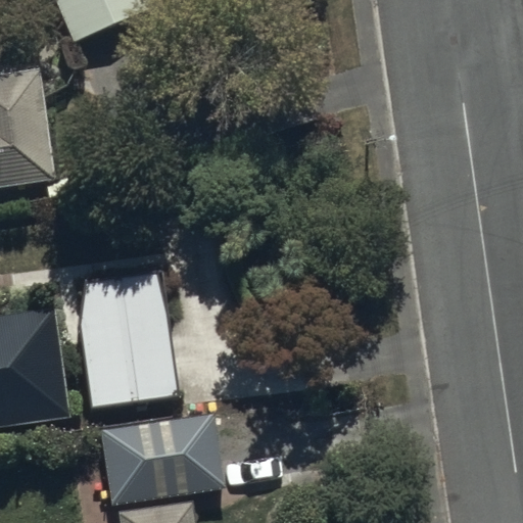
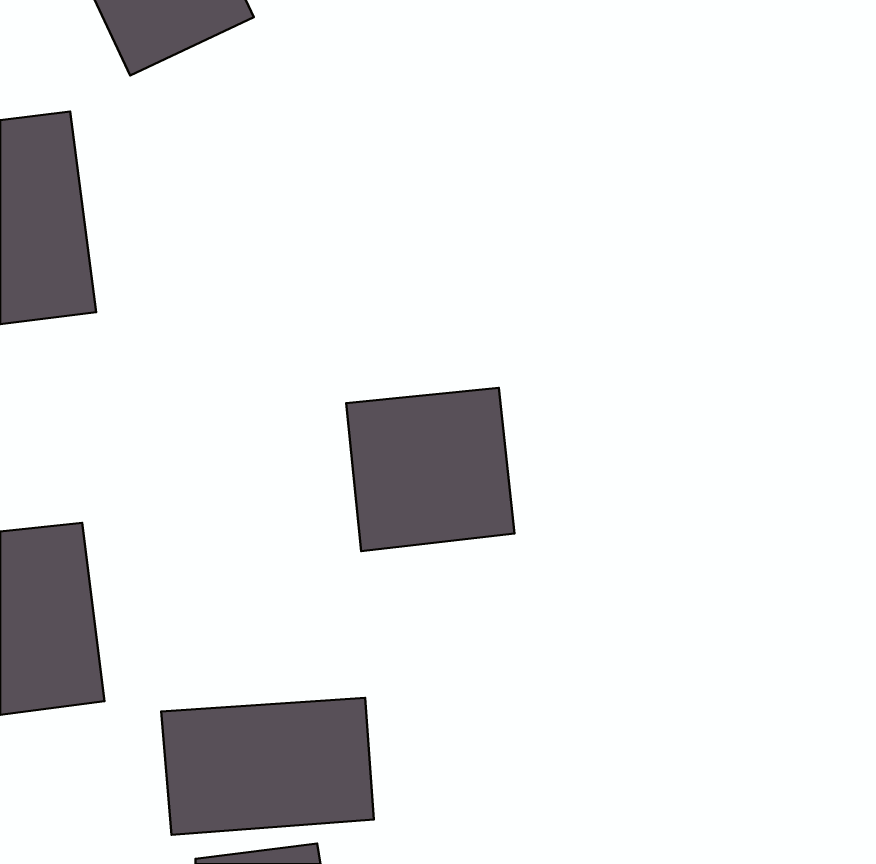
building: none -> [346,388,515,551]
building: [74,275,176,406] -> none

